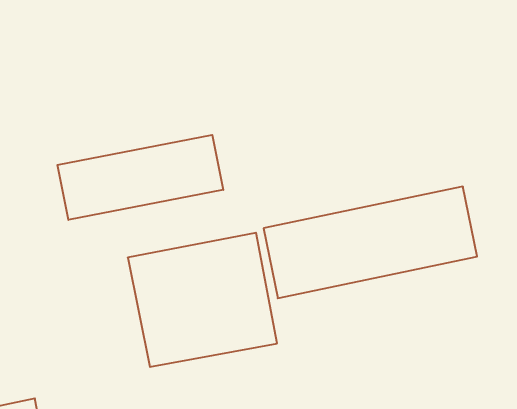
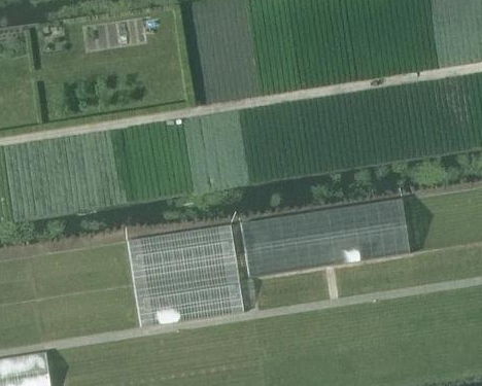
building: [57,135,223,220] -> none

